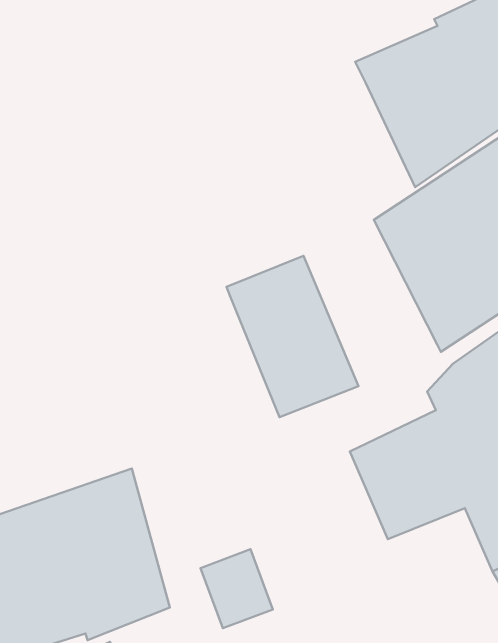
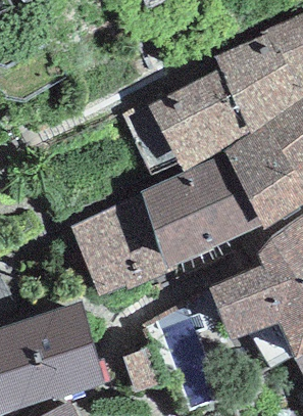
building: none -> [122,70,248,175]
building: none -> [182,151,261,250]
building: none -> [69,196,167,295]

